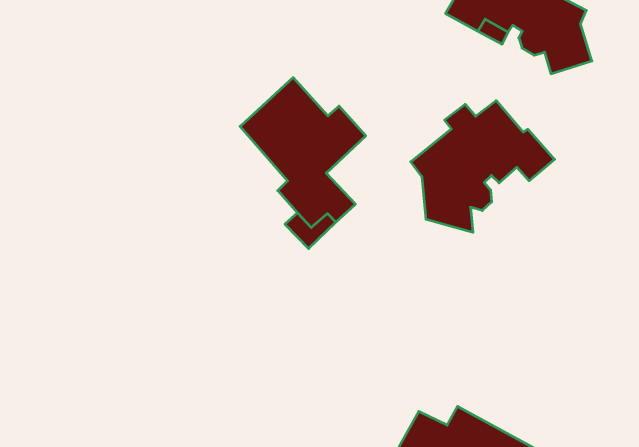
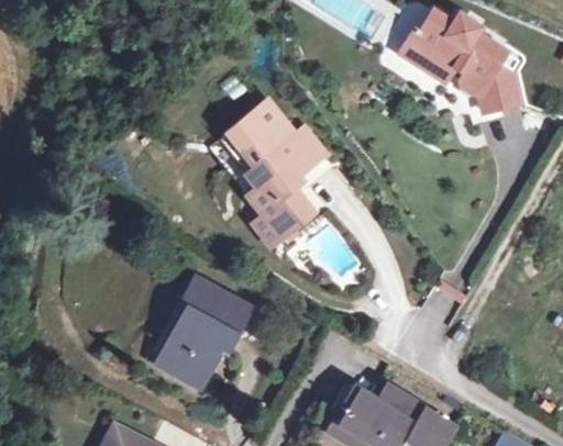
building: [411,101,555,232] -> none
building: none -> [158,276,252,382]

